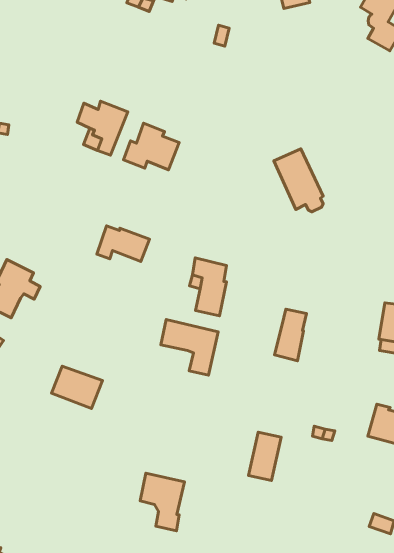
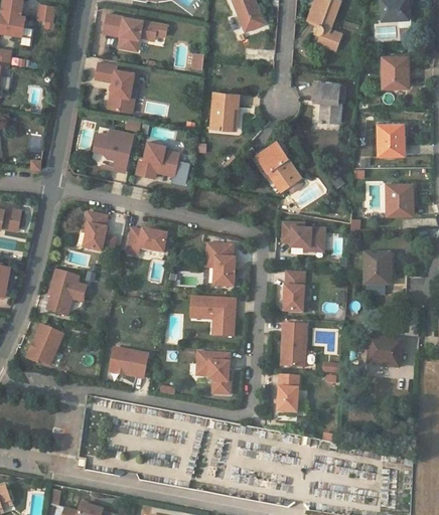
building: none -> [95,63,134,113]
building: none -> [210,93,239,129]
building: none -> [313,81,341,123]
building: none -> [83,212,107,251]
building: none -> [282,222,324,247]
building: none -> [282,324,306,367]
building: [140,473,185,531] -> [196,352,230,394]

